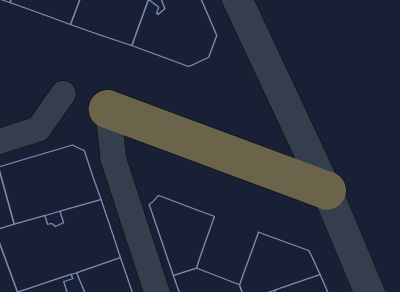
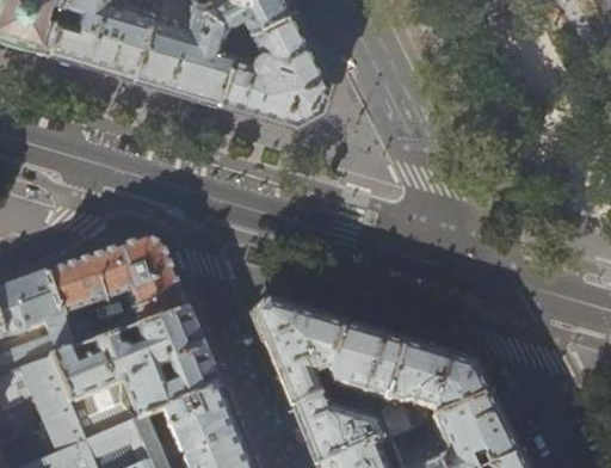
building: none -> [327,326,403,404]

